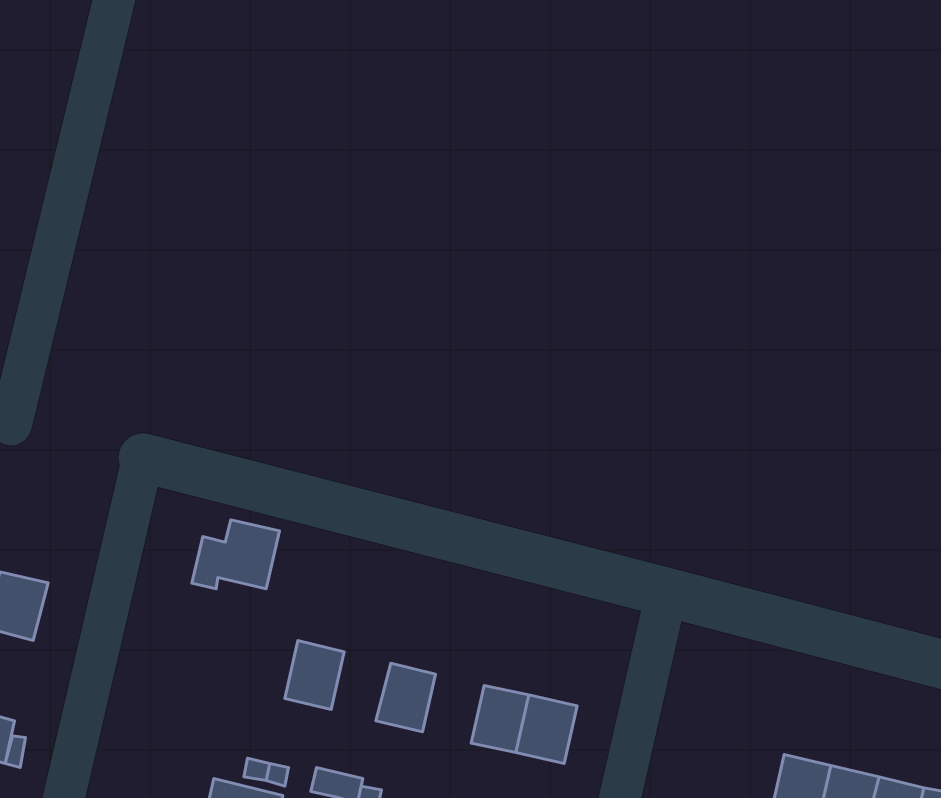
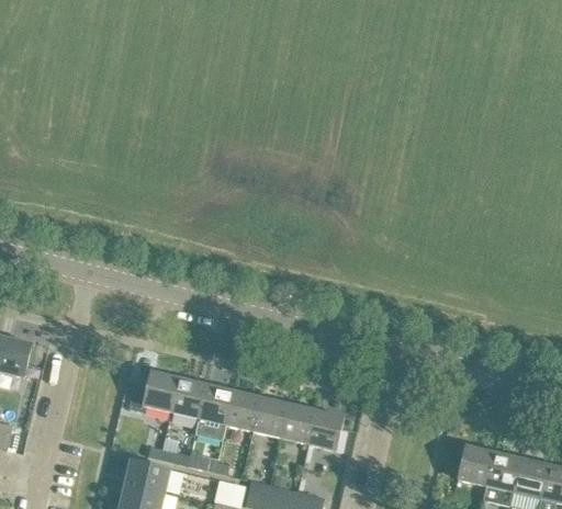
building: [192,520,279,589] -> [127,371,179,411]
building: none -> [195,384,234,439]
building: none -> [252,397,289,438]

